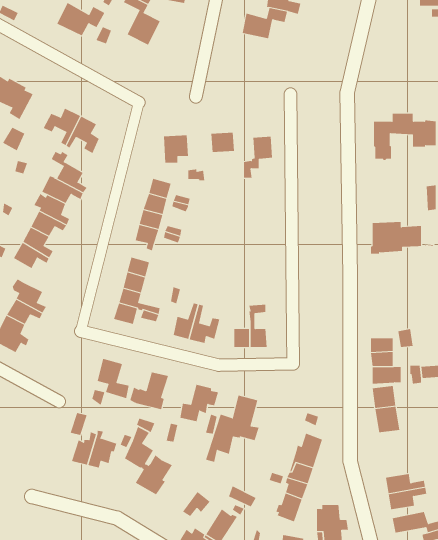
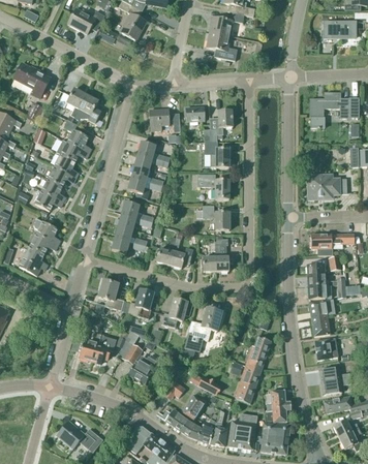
building: none -> [324,22,355,37]
building: none -> [206,31,237,60]
building: none -> [204,142,232,167]
building: none -> [196,174,228,199]
building: none -> [195,205,228,229]
building: none -> [309,234,354,255]
building: none -> [314,338,337,360]

